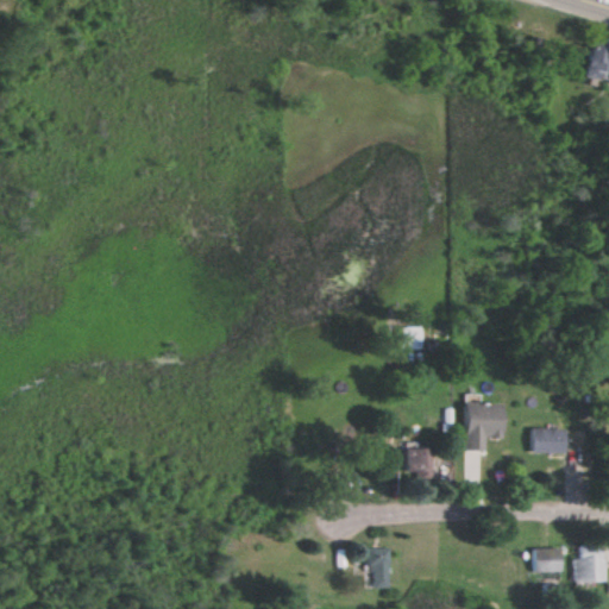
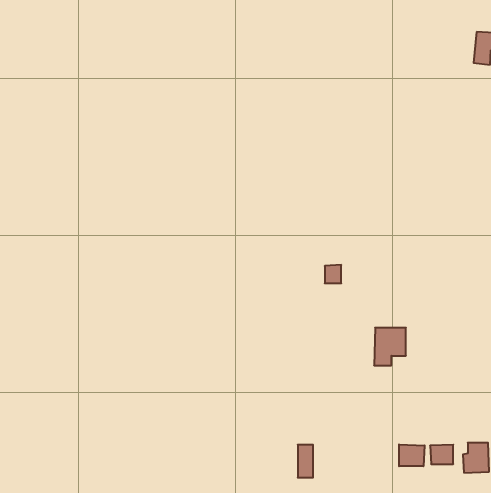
building: [532,429,566,454] -> none
building: [407,442,433,481] -> none
building: none -> [399,444,425,466]

